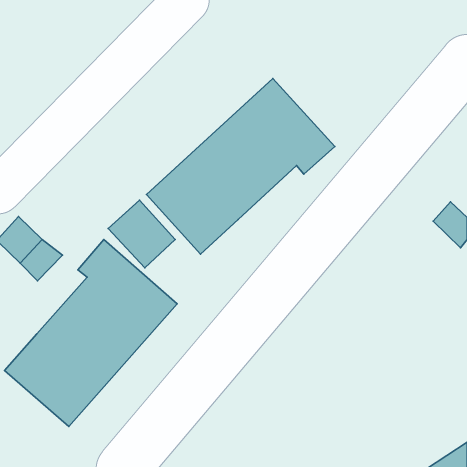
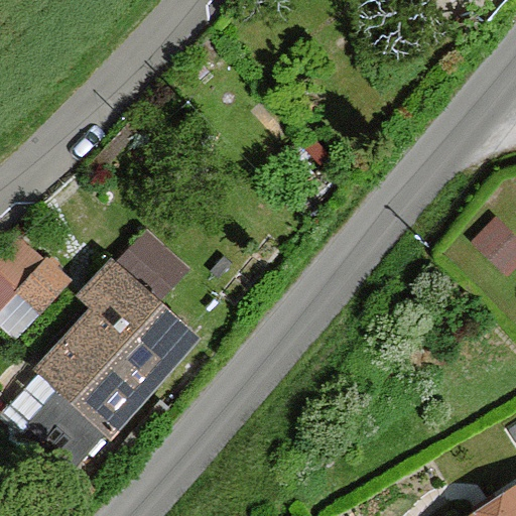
building: [146,79,335,254] -> none

